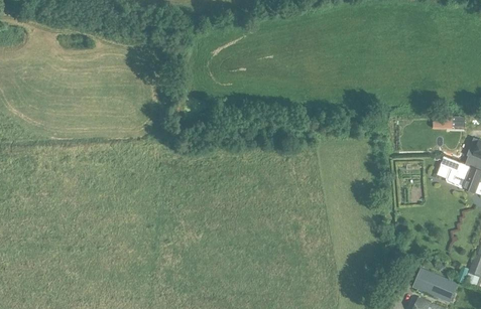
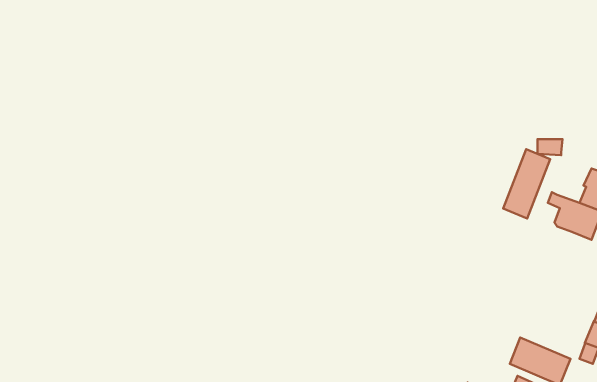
building: none -> [503,149,550,219]

